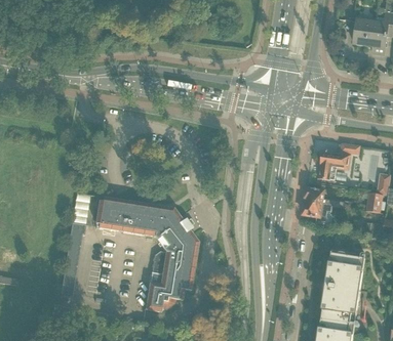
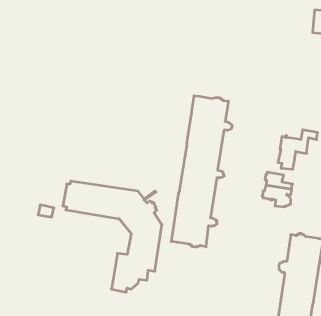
building: none -> [171,96,232,247]

